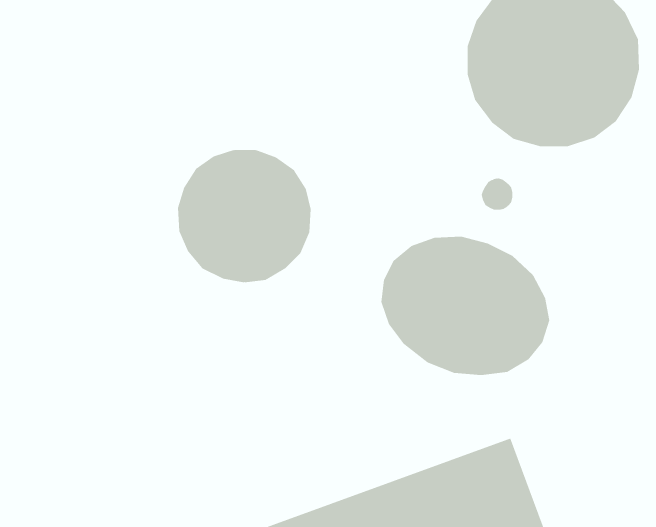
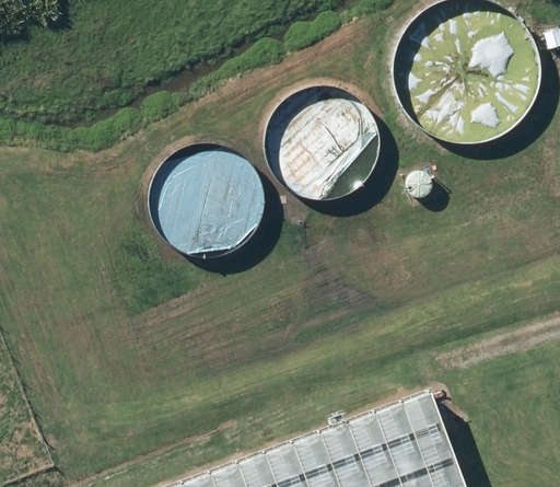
building: none -> [268,91,380,202]
building: [381,236,550,376] -> none

